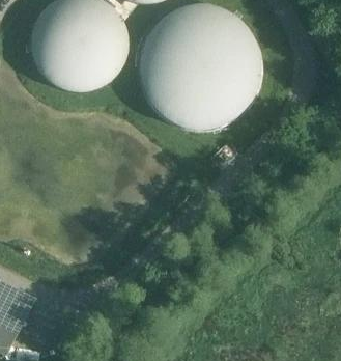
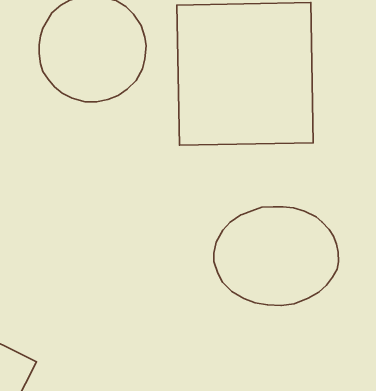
building: none -> [214,207,339,306]

